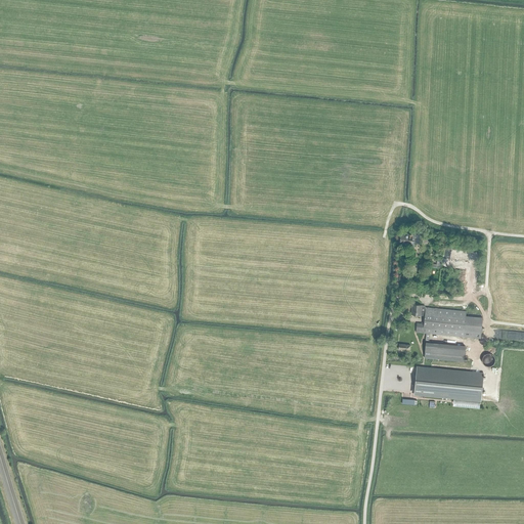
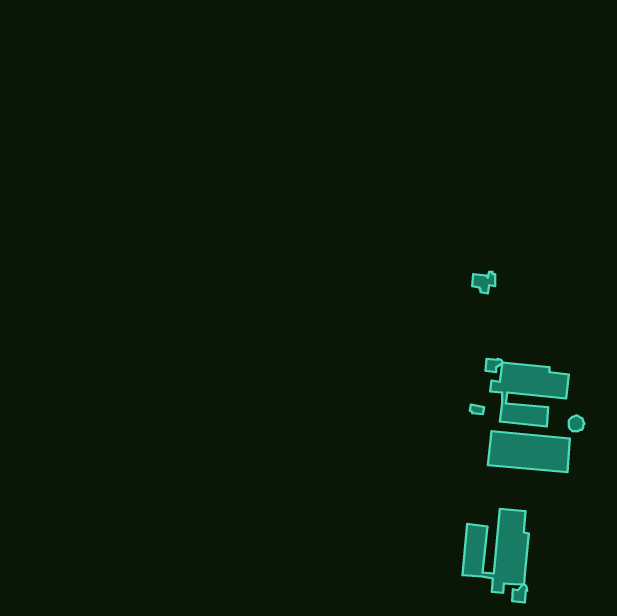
building: none -> [462,509,529,602]

